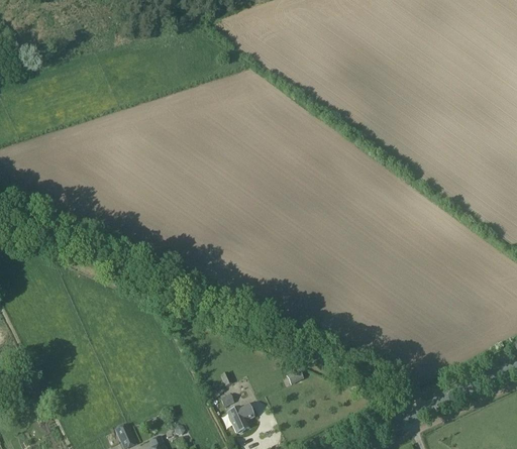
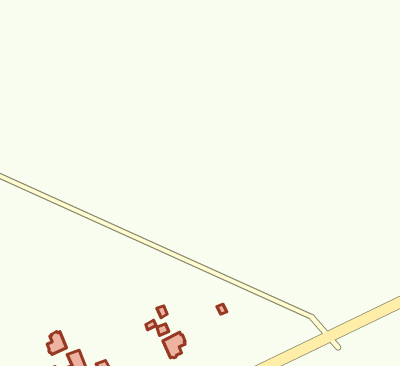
building: none -> [47,332,66,355]

